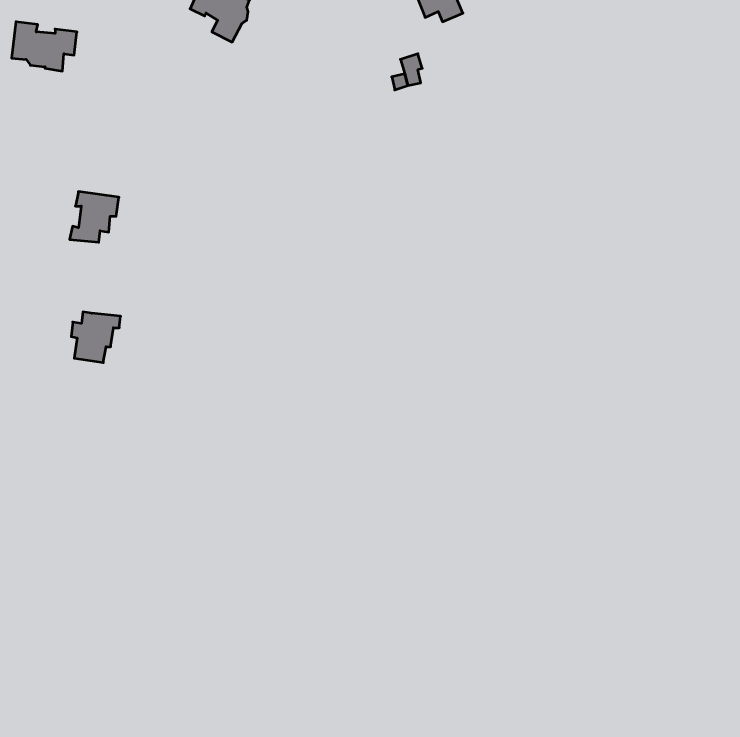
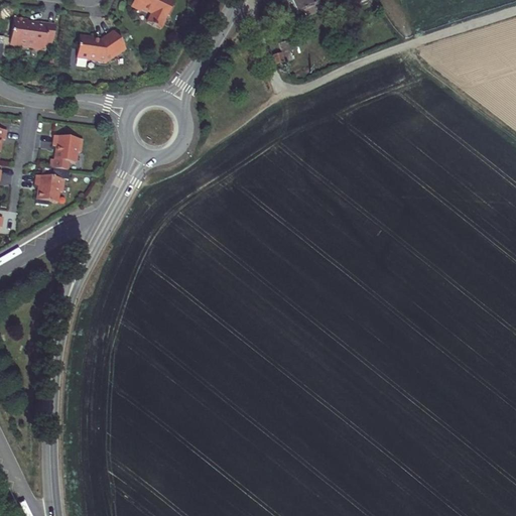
building: none -> [78,30,127,62]
building: [71,312,121,363] -> [35,165,70,201]

